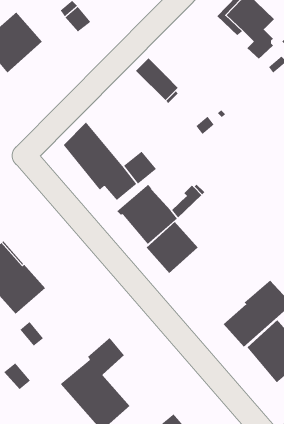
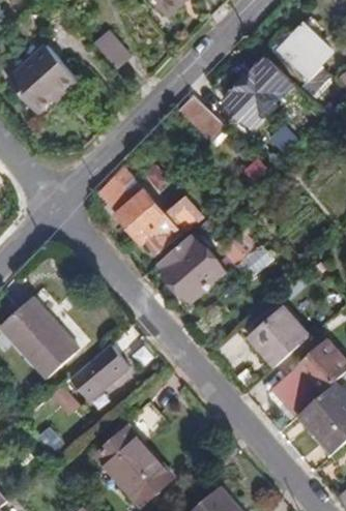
building: none -> [224,67,283,127]
building: [146,221,198,274] -> [251,308,309,366]
building: none -> [74,343,128,400]

